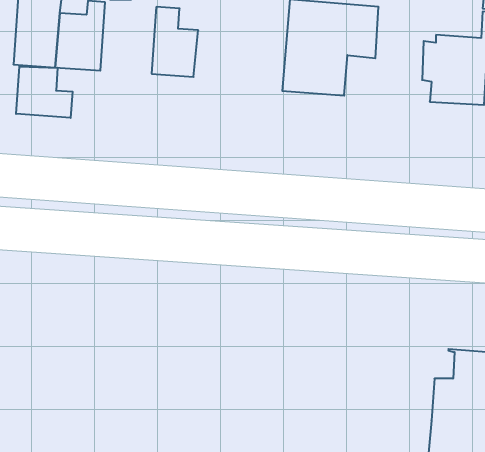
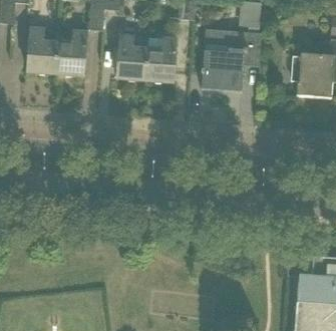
building: none -> [143,36,176,81]
building: [16,66,73,118] -> none

